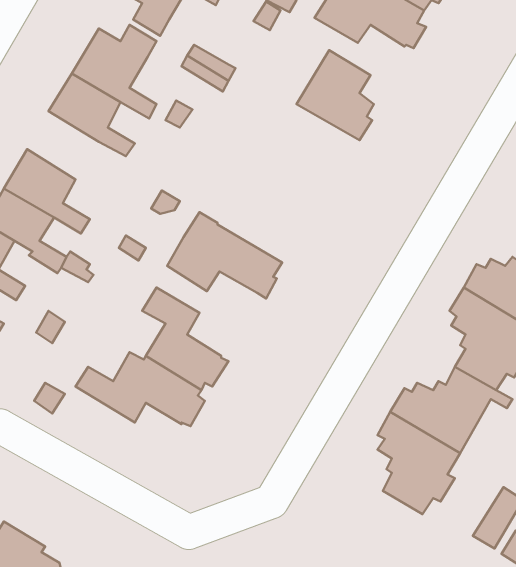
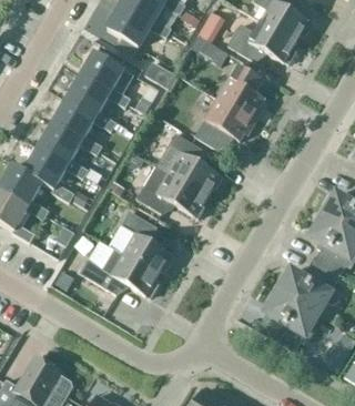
building: none -> [194,98,255,151]
building: none -> [50,102,102,154]
building: none -> [165,132,222,195]

